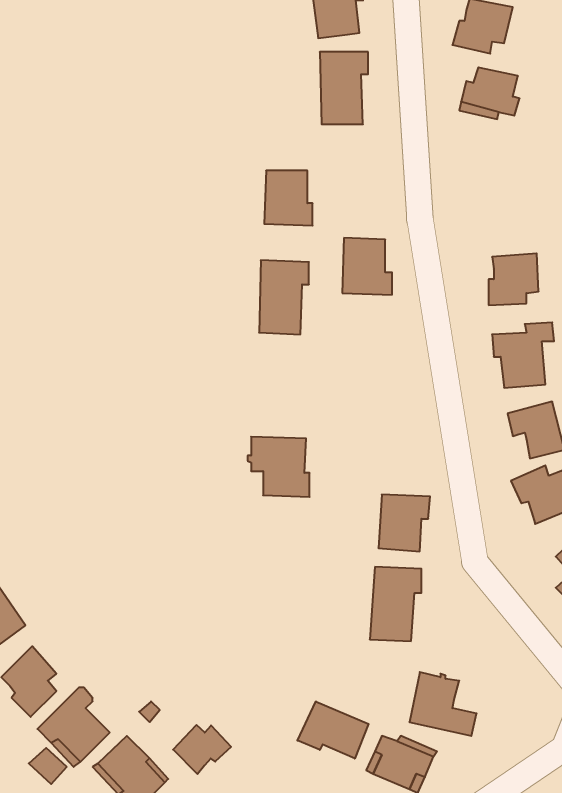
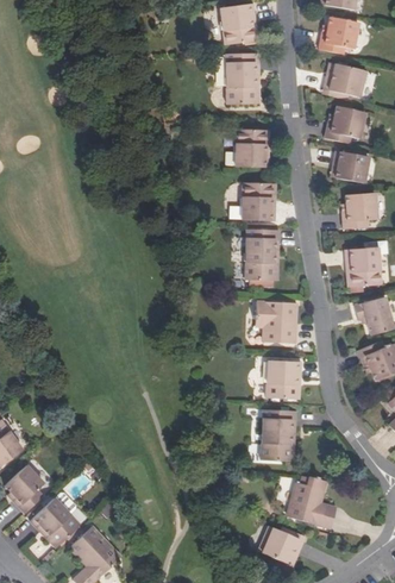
building: none -> [325,106,365,144]
building: [264,171,313,226] -> [236,130,269,168]
building: none -> [333,151,369,183]
building: [259,260,309,334] -> [245,230,280,281]
building: [248,437,310,497] -> [255,301,297,343]
building: [297,701,369,759] -> none
building: [173,725,231,774] -> none

